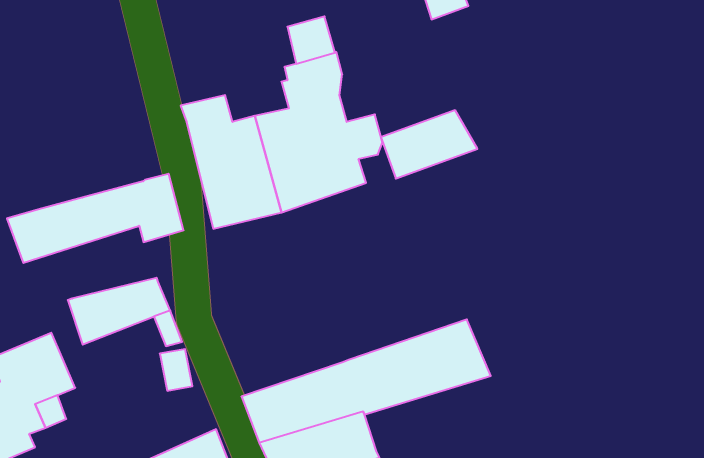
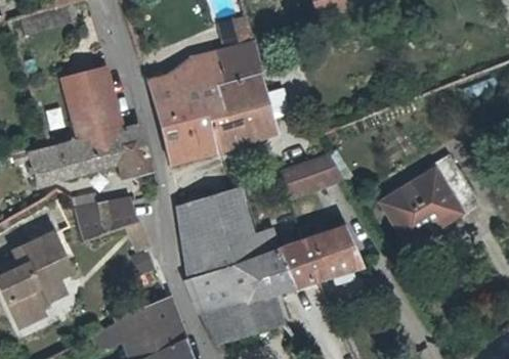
building: none -> [177,53,221,91]
building: none -> [62,69,121,143]
building: [381,110,477,179] -> [277,150,343,197]
building: none -> [378,155,471,245]
building: none -> [176,189,258,280]

